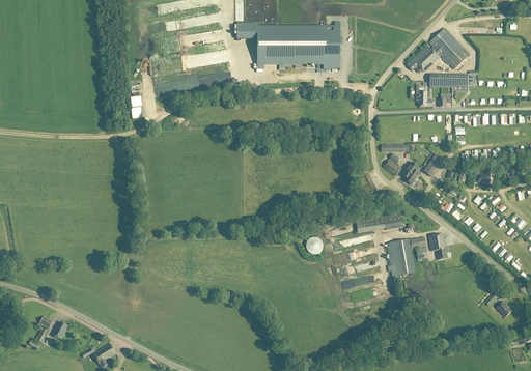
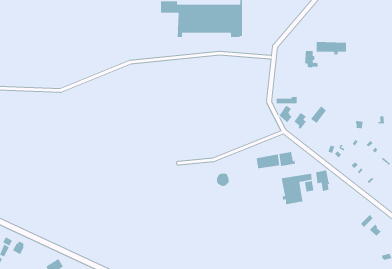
building: [406,28,469,70] -> none

